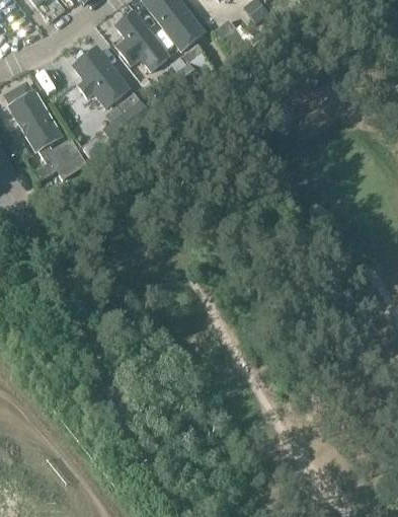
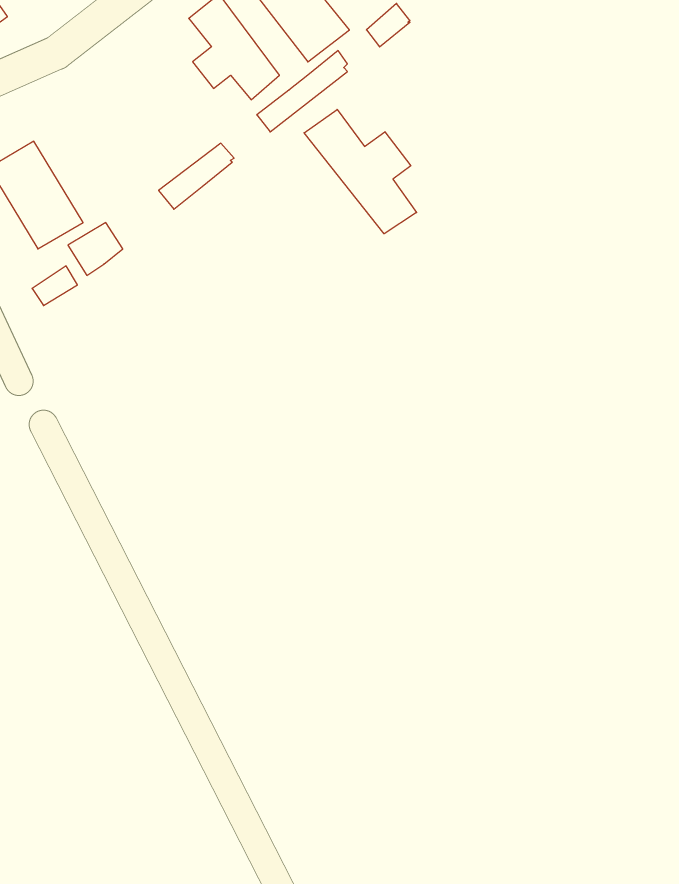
building: [74,48,129,105] -> none
building: none -> [304,109,417,234]

